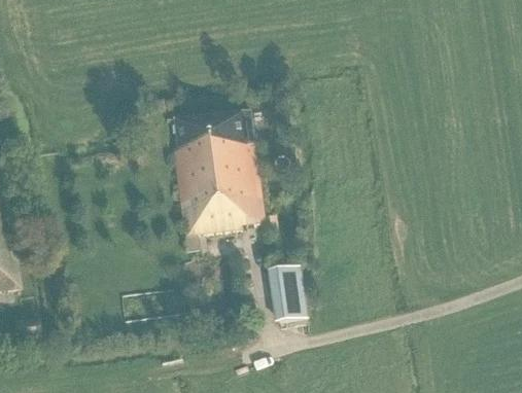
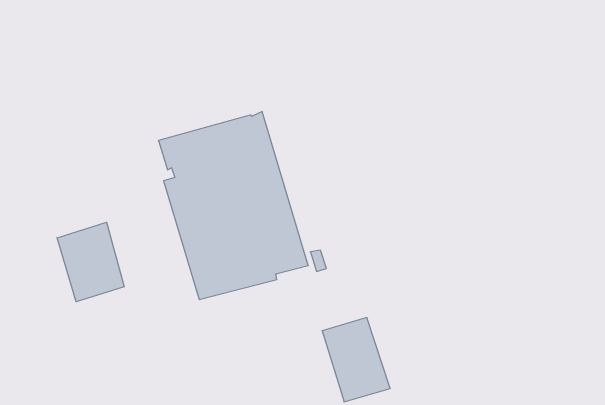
building: none -> [57,222,124,302]

